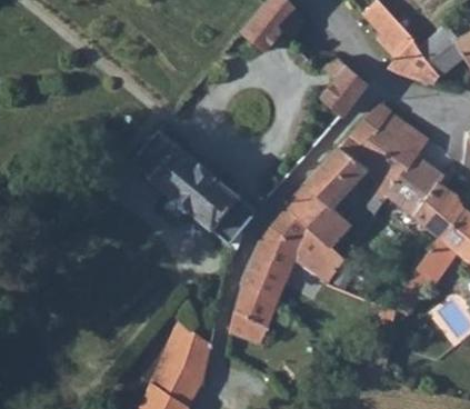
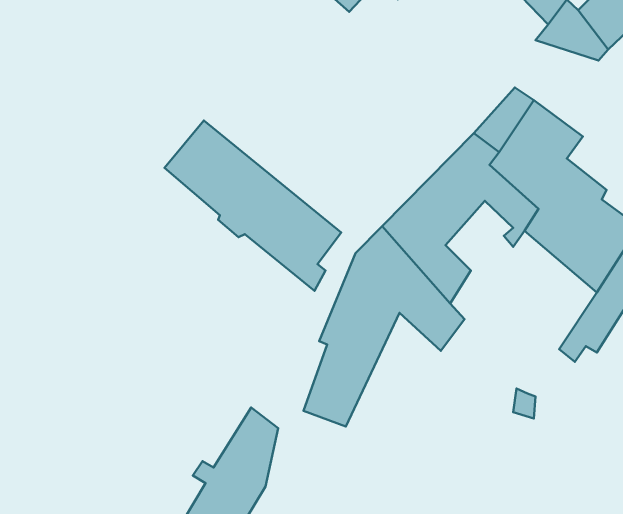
building: [318,57,366,114] -> none

